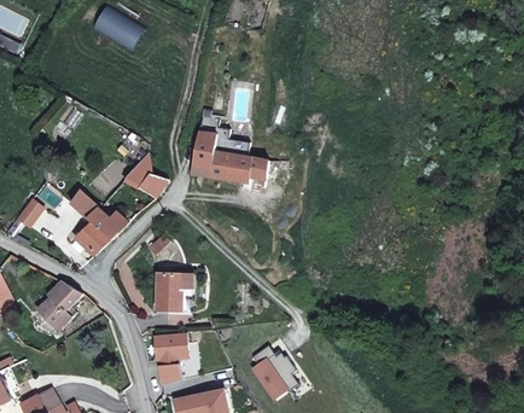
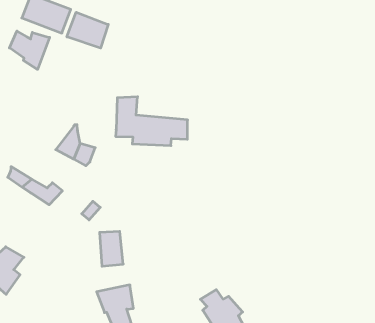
building: none -> [67,12,108,48]
building: none -> [9,31,50,69]
building: [74,222,110,255] -> none

